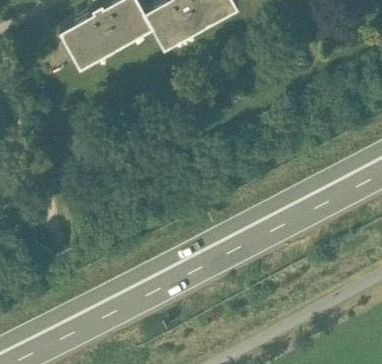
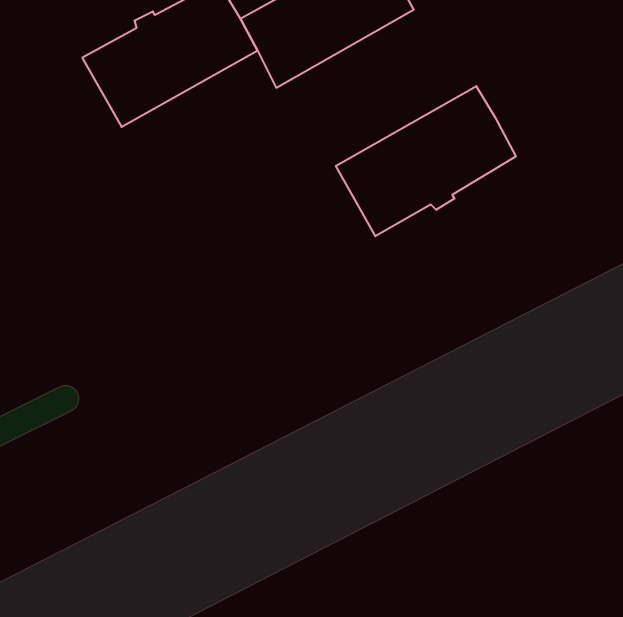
building: none -> [336,86,516,236]

